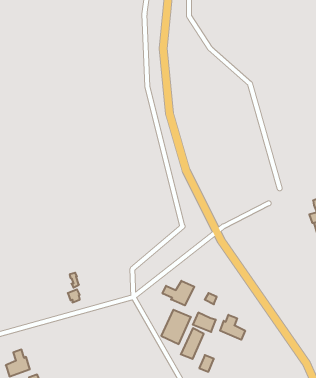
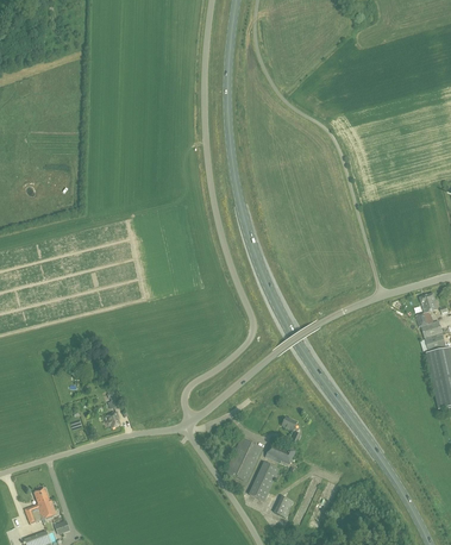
building: [163,281,194,305] -> none
building: [220,315,245,340] -> none

